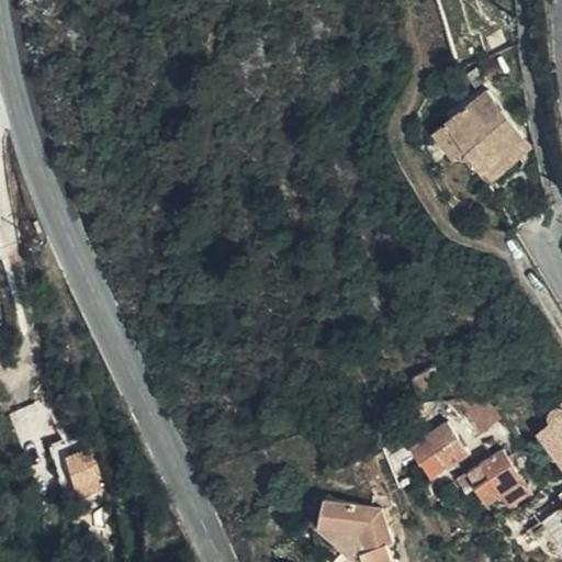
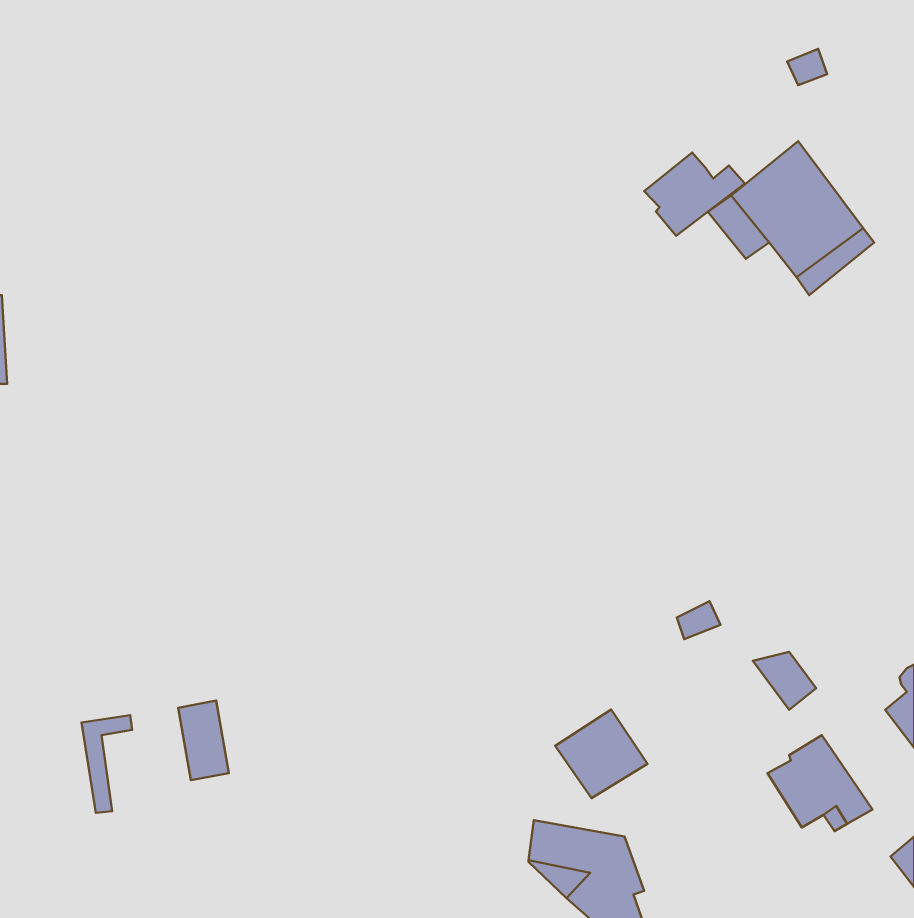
building: none -> [644,152,745,236]
building: [409,424,465,477] -> [555,710,647,798]
building: [65,448,95,496] -> [178,701,229,780]

